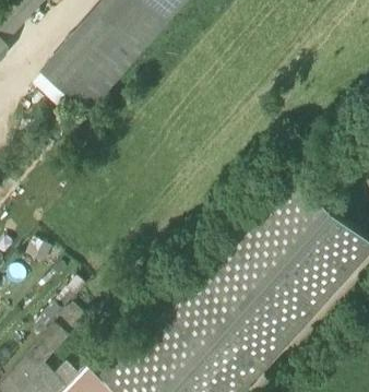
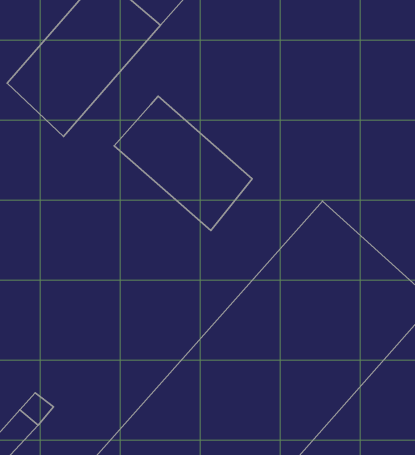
building: none -> [114,96,252,230]

